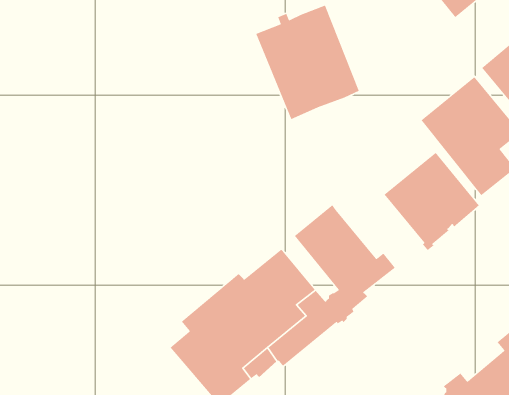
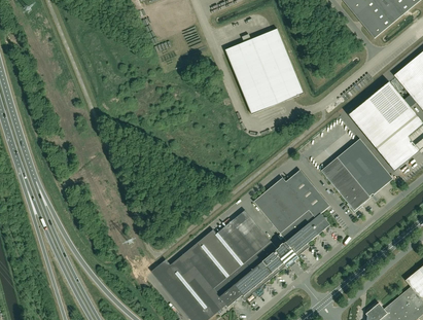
building: none -> [285,168,329,216]

